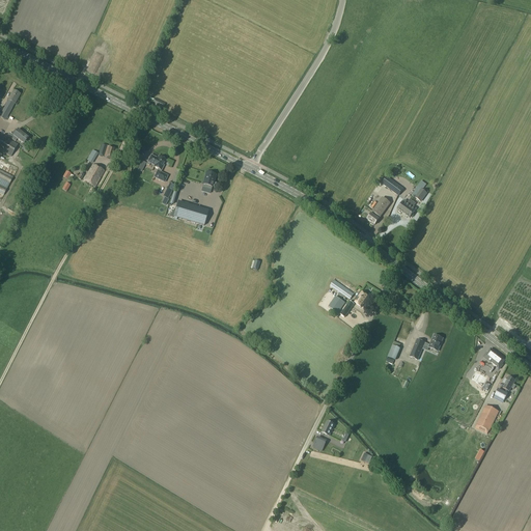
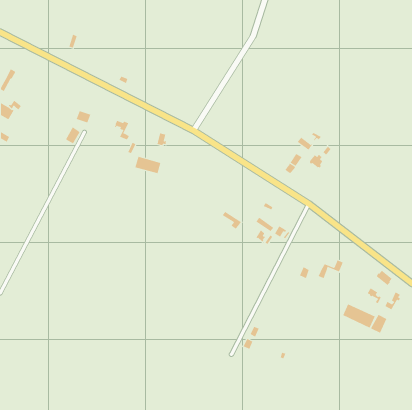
building: none -> [342,304,375,328]

